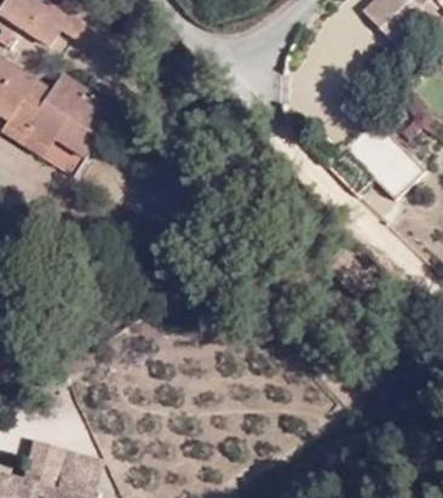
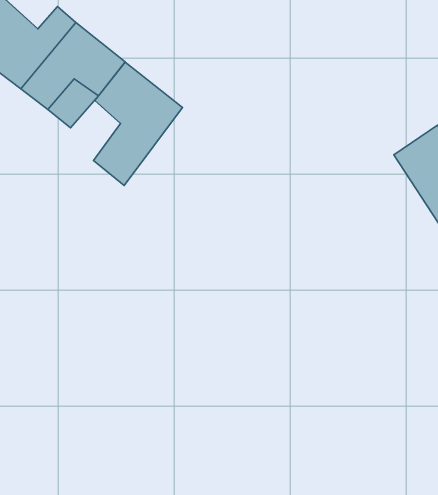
building: none -> [94,62,183,185]

